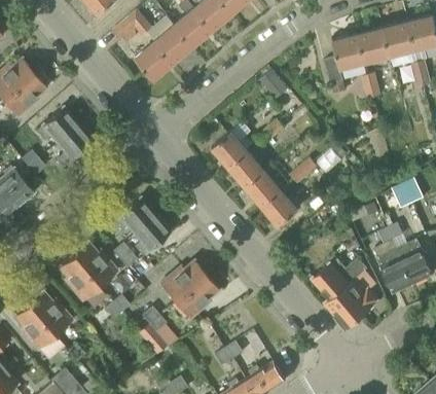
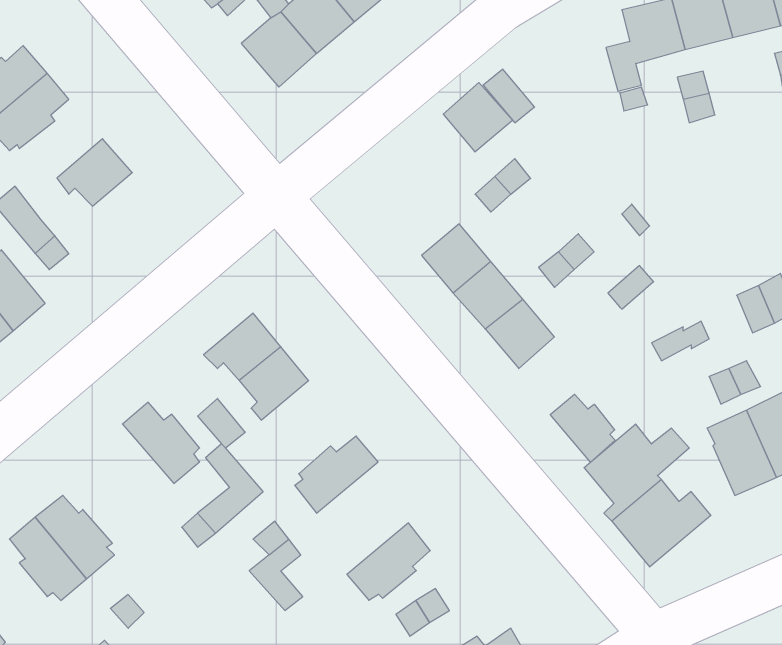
building: [57,126,93,169] -> none
building: [212,133,248,169] -> [443,83,513,152]
building: none -> [550,394,615,462]
building: [60,256,100,298] -> none
building: [174,276,217,316] -> [347,523,430,600]

